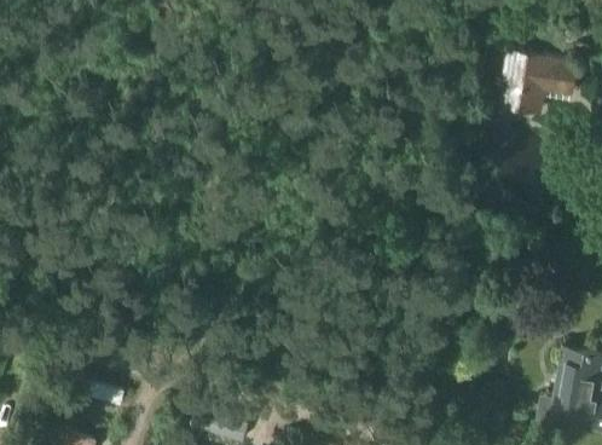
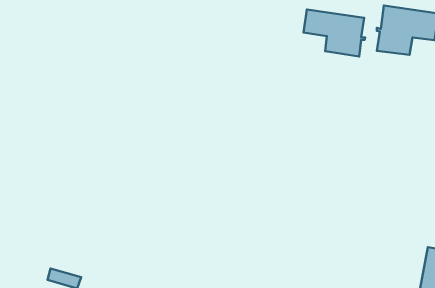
building: none -> [304,10,365,56]

